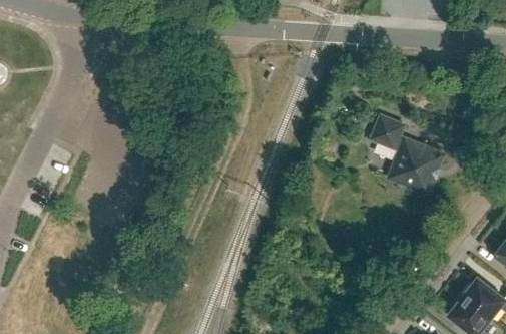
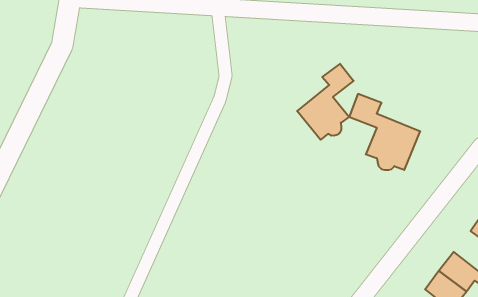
building: none -> [297,64,354,140]

